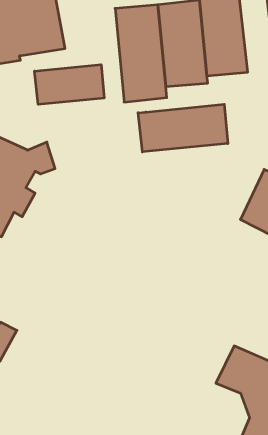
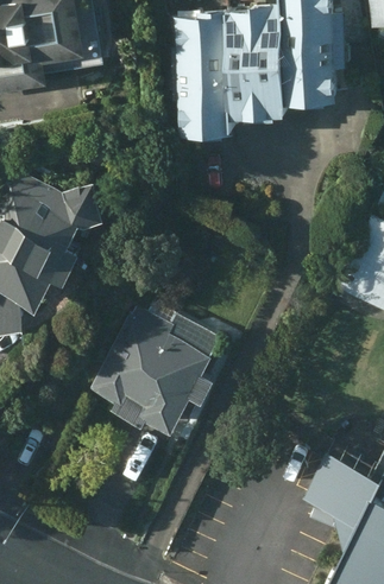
building: [35,65,104,104] -> none
building: [138,104,228,152] -> none
building: none -> [90,316,221,434]

